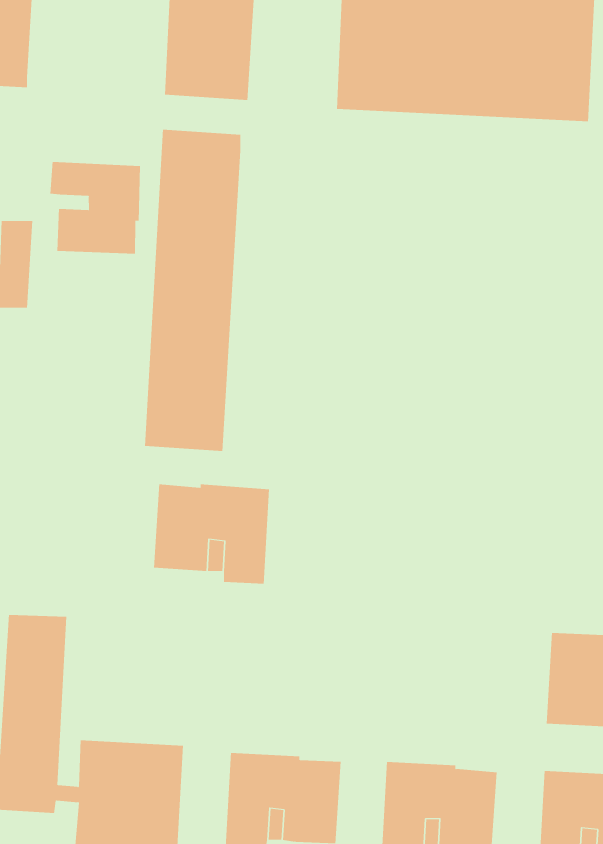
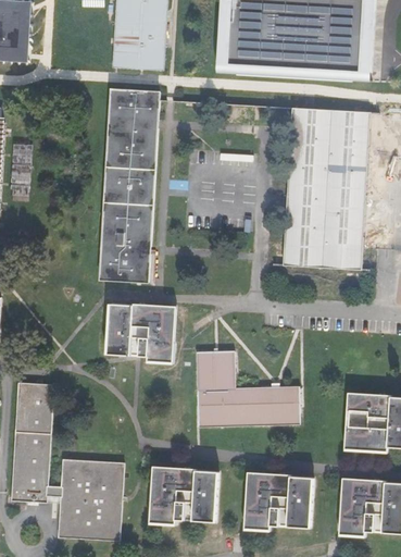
building: [50,161,141,255] -> none
building: none -> [283,107,369,269]
building: none -> [196,351,299,428]

